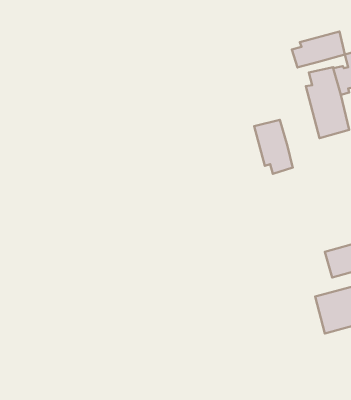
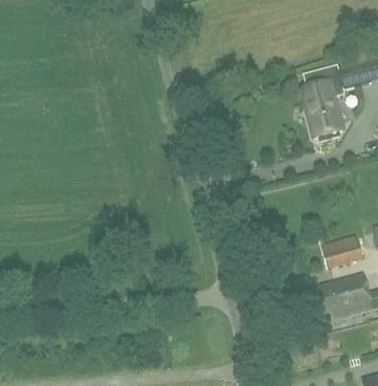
building: [292,32,345,68] -> none
building: [254,120,293,174] -> none

